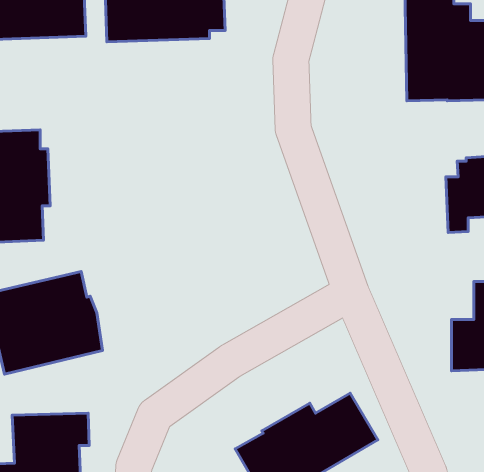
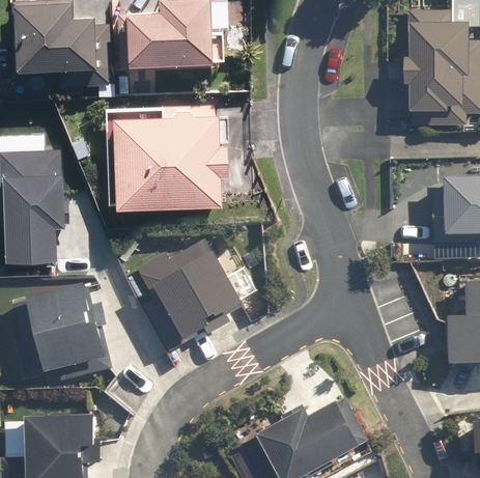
building: none -> [105,104,233,205]
building: none -> [140,244,253,353]

